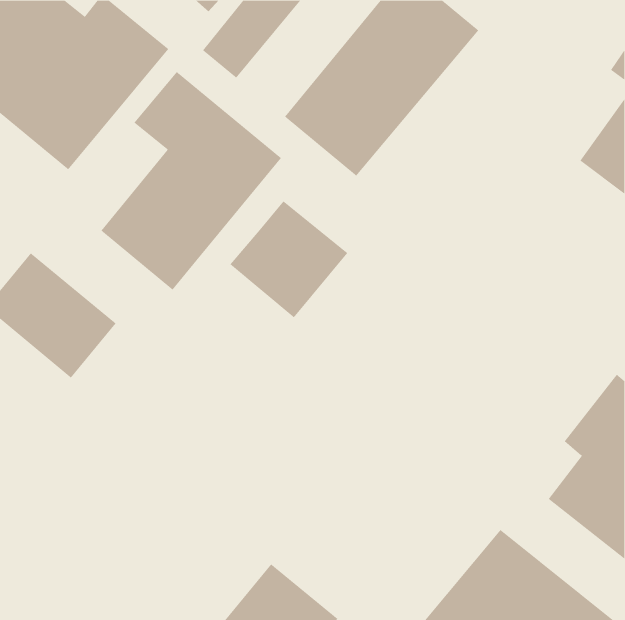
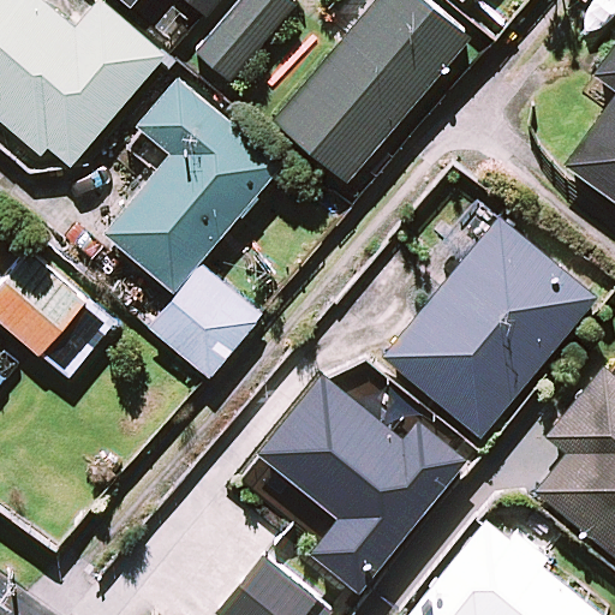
building: none -> [386,202,599,437]
building: [229,201,348,318] -> [141,262,257,377]
building: none -> [263,375,468,587]

